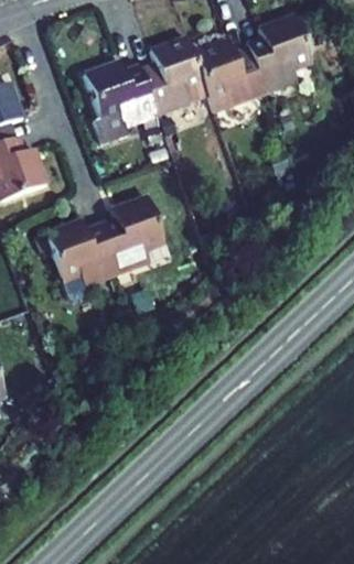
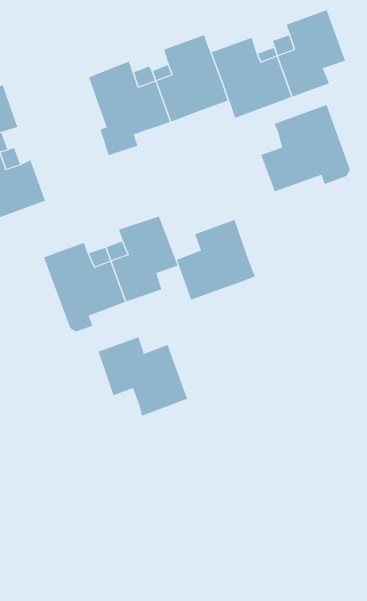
building: none -> [261,104,351,192]
building: none -> [176,219,256,301]
building: none -> [98,337,188,416]

